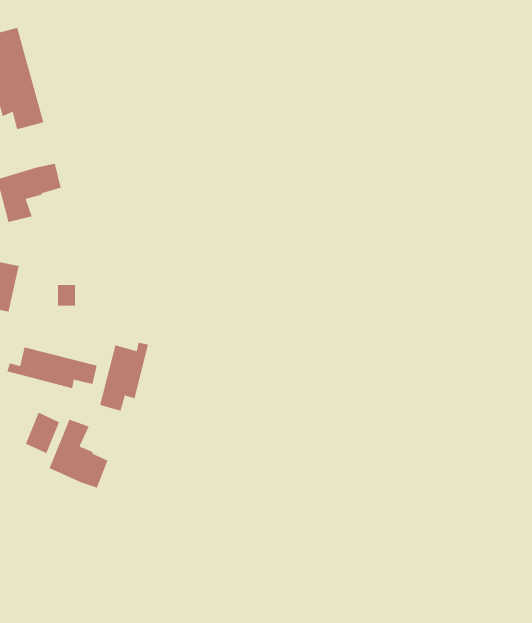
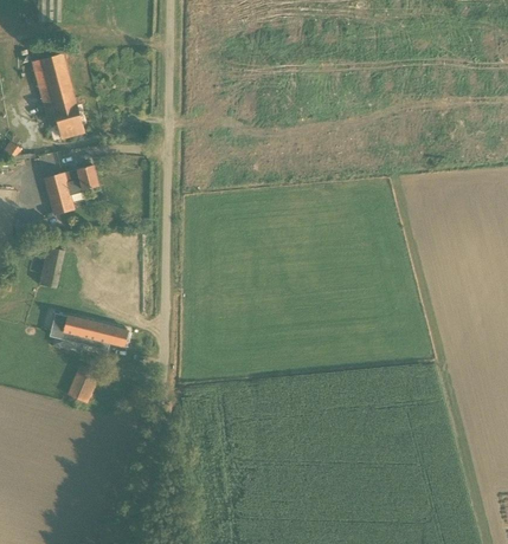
building: [99,342,148,411] -> none
building: [49,419,108,488] -> none

